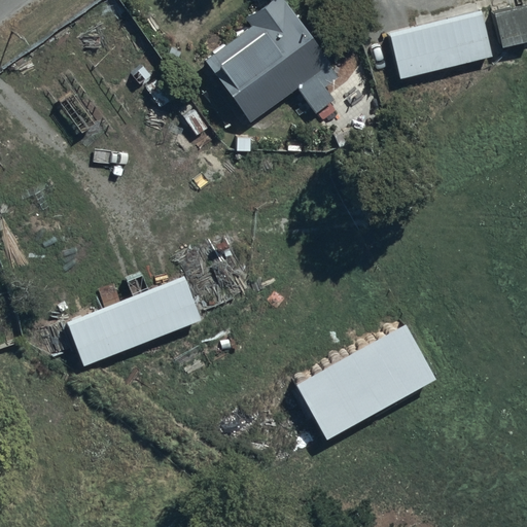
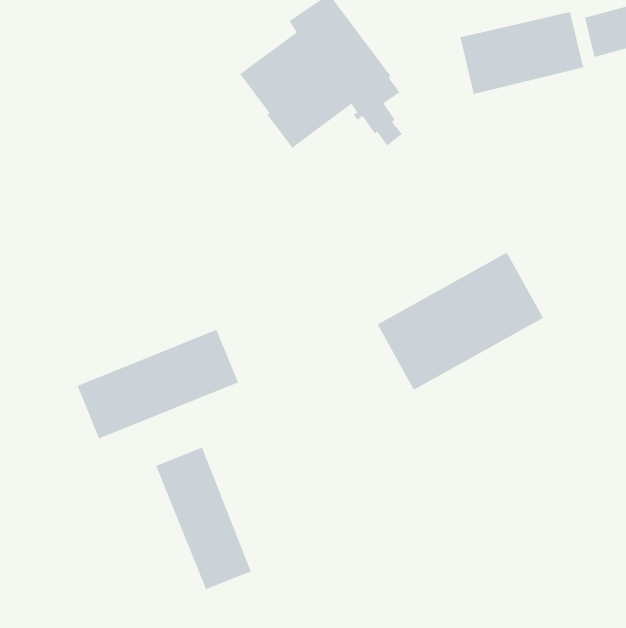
building: [300,323,440,440] -> [377,252,544,391]
building: none -> [155,447,252,590]

